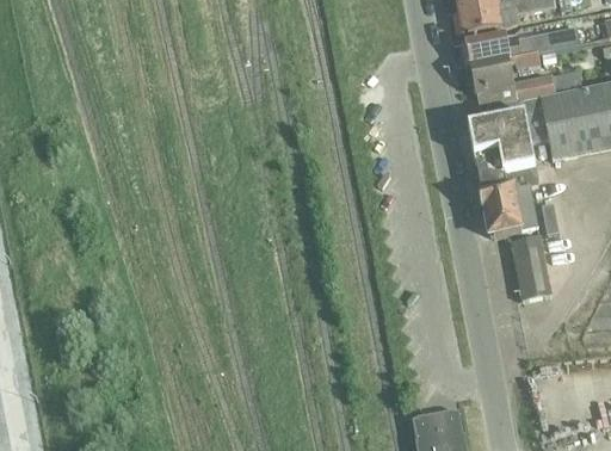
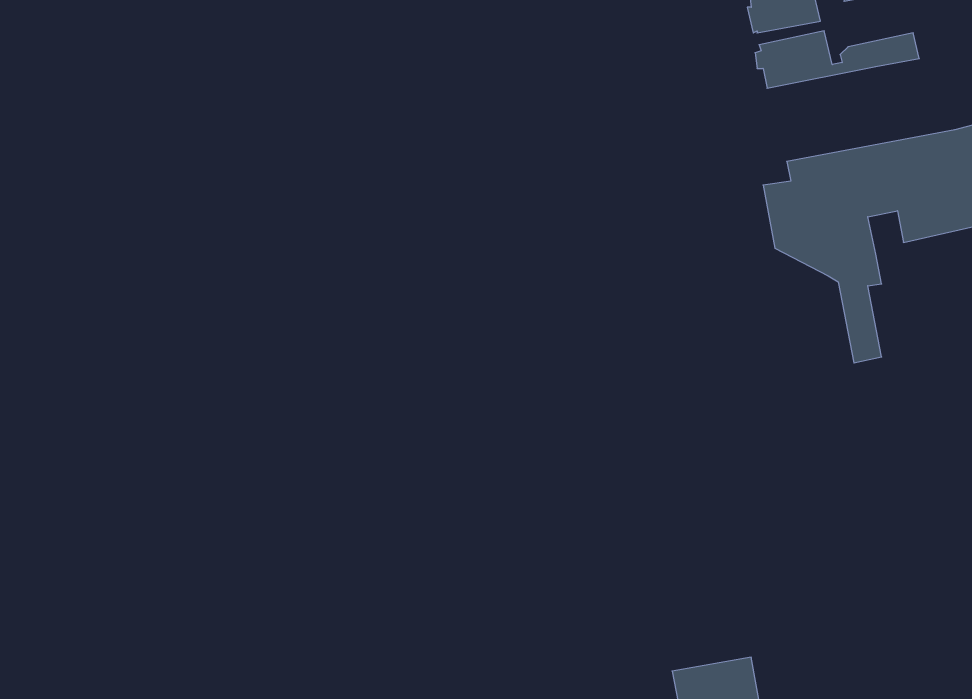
building: [469,51,582,109] -> none
building: [474,161,521,236] -> none
building: [512,234,551,298] -> none

